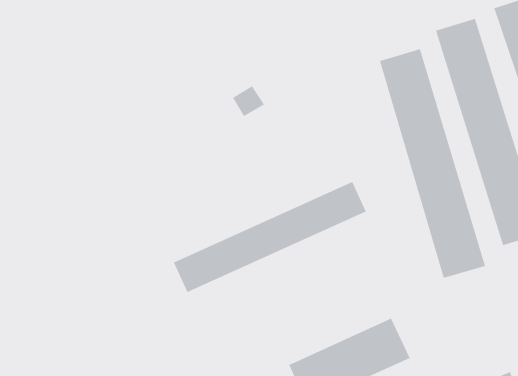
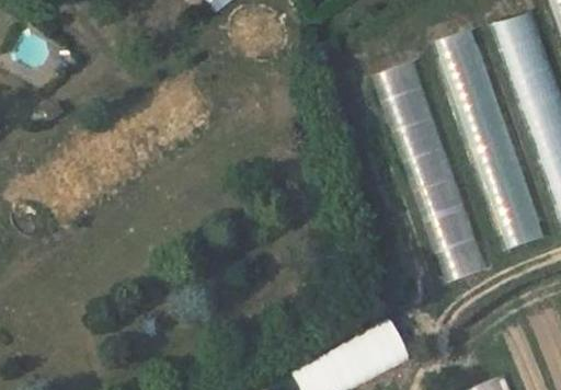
building: [173,181,367,293] -> none

